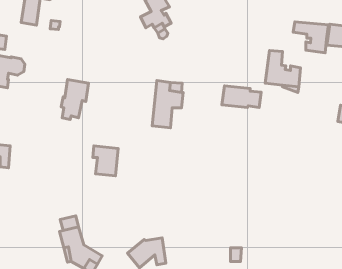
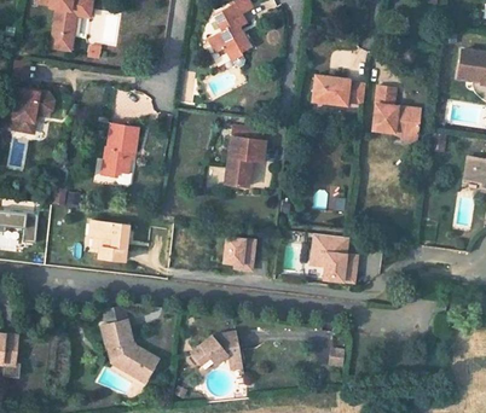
building: [293,22,328,53] -> none
building: [222,86,261,108] -> [316,74,368,103]
building: [93,146,118,176] -> [94,222,128,262]
building: none -> [308,232,358,281]
building: none -> [220,234,254,268]

